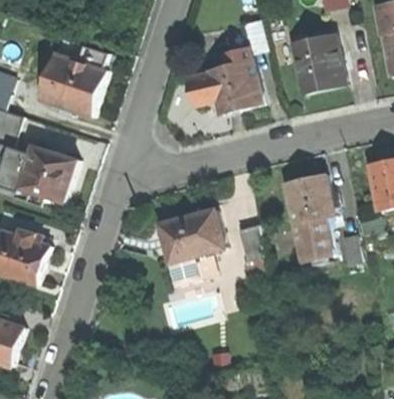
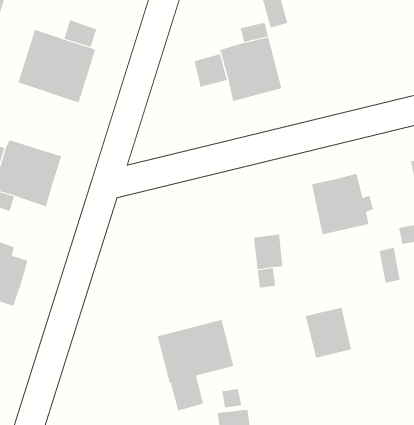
building: [290,33,344,92] -> none
building: [161,208,225,284] -> [157,319,234,411]
building: [294,217,334,259] -> [305,307,352,358]

